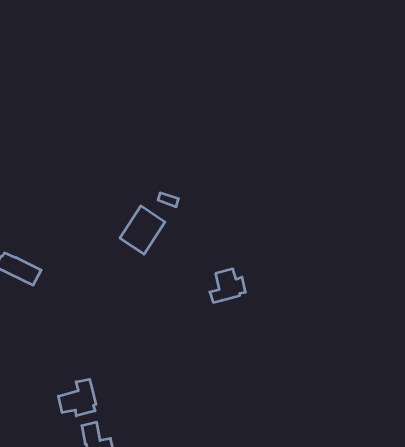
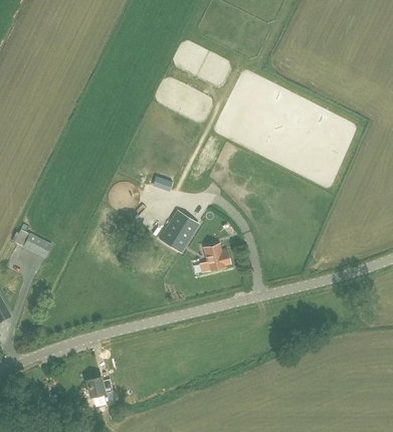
building: [120,206,165,254] -> [160,210,199,252]
building: [58,379,96,416] -> none

